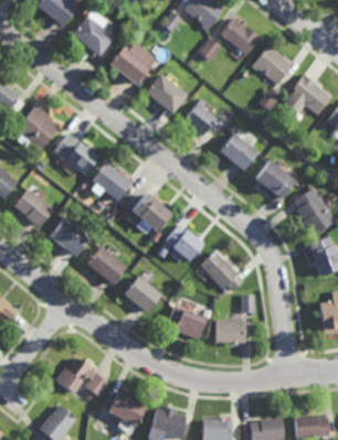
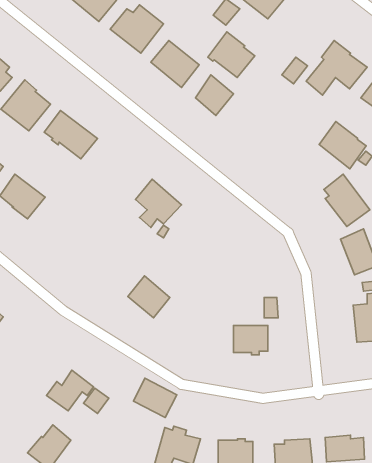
building: [252,43,293,83] -> [208,32,255,78]
building: [220,135,257,171] -> none
building: [255,160,296,201] -> [319,122,366,169]
building: [92,163,131,202] -> none
building: [50,217,91,257] -> none
building: [165,226,204,264] -> none
building: [87,247,126,285] -> none
building: [200,251,244,292] -> none
building: [168,305,207,340] -> none
building: [108,391,146,426] -> [134,378,177,418]

